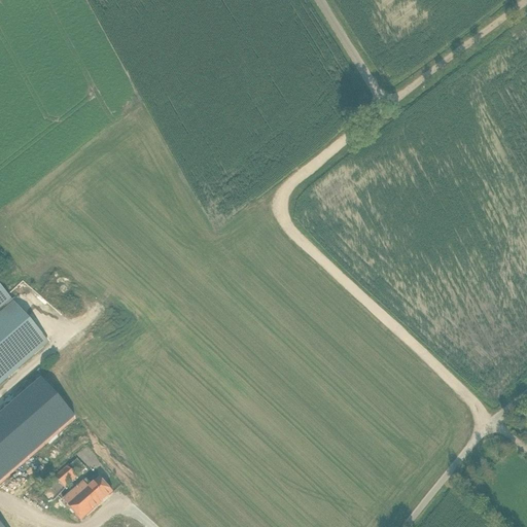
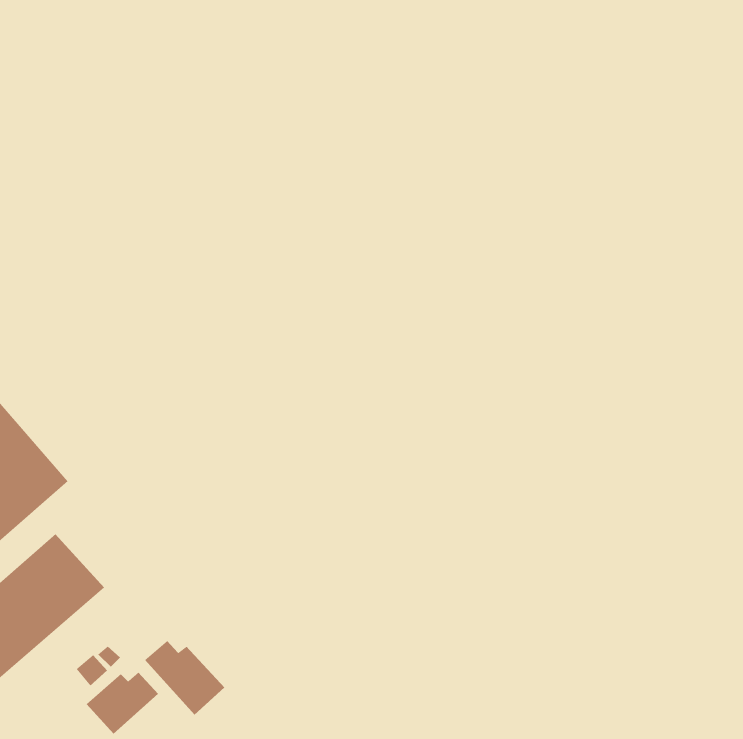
building: none -> [144,640,225,715]

